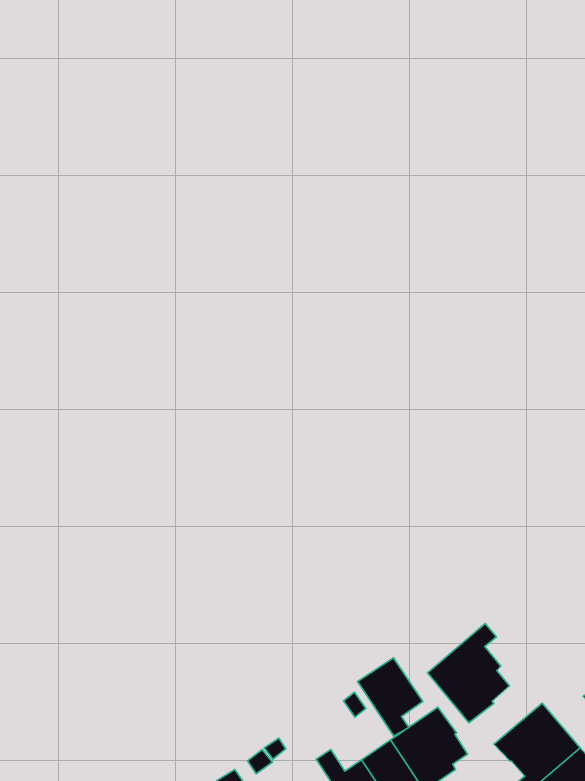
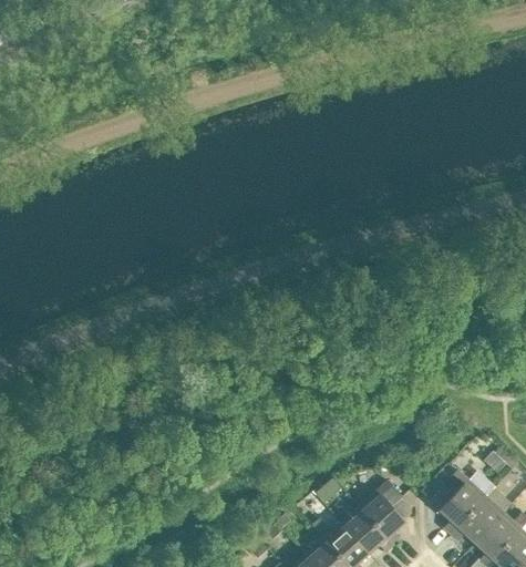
building: [428,624,510,723] -> none
building: [358,658,423,736] -> none

